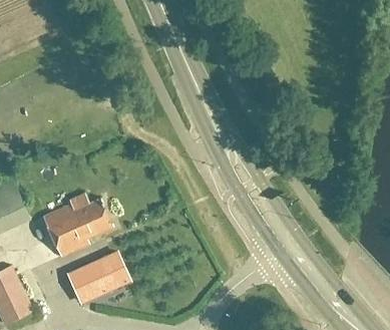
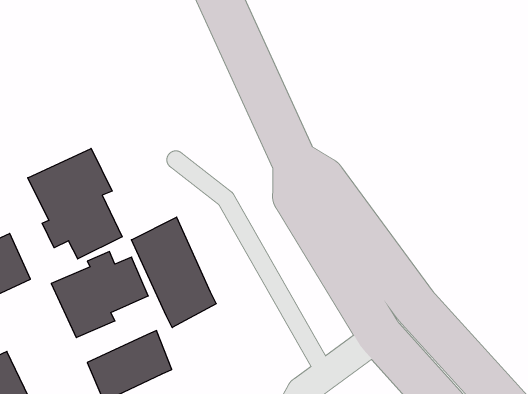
building: none -> [28,148,122,259]
building: none -> [131,217,216,328]

